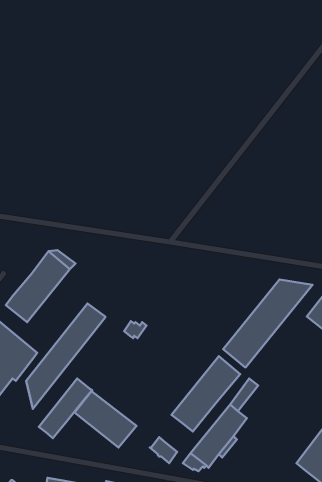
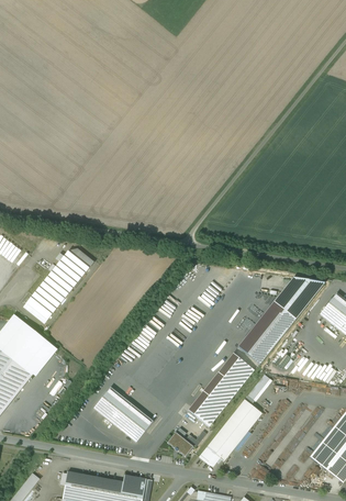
building: [26,303,105,409] -> none
building: [39,378,92,438] -> none

